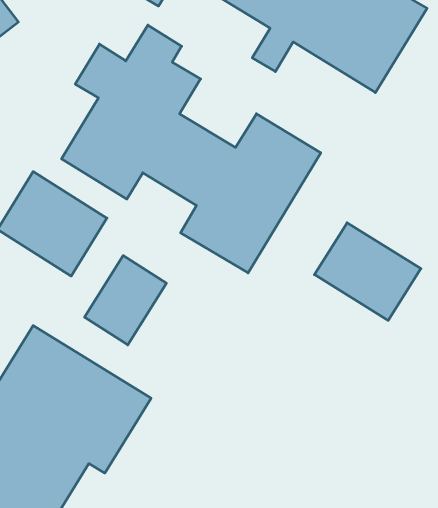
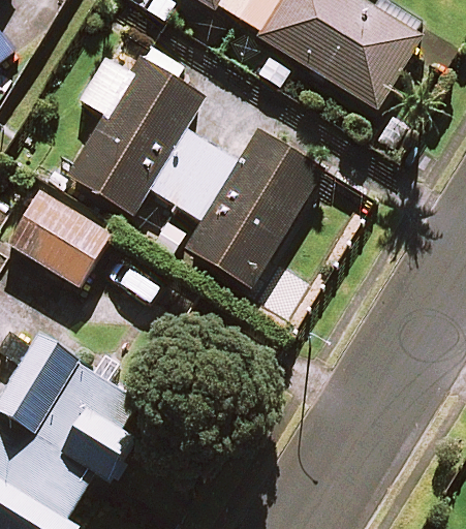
building: [314,223,421,320] -> none
building: [85,256,166,345] -> none

